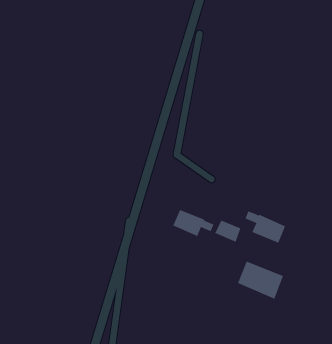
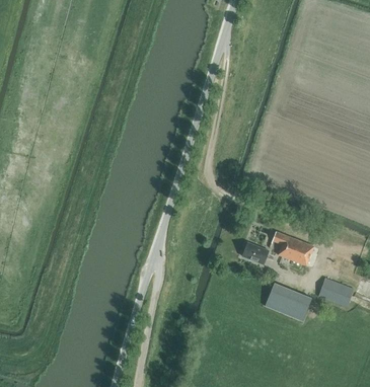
building: [173,209,215,237] -> none
building: none -> [318,278,353,306]

